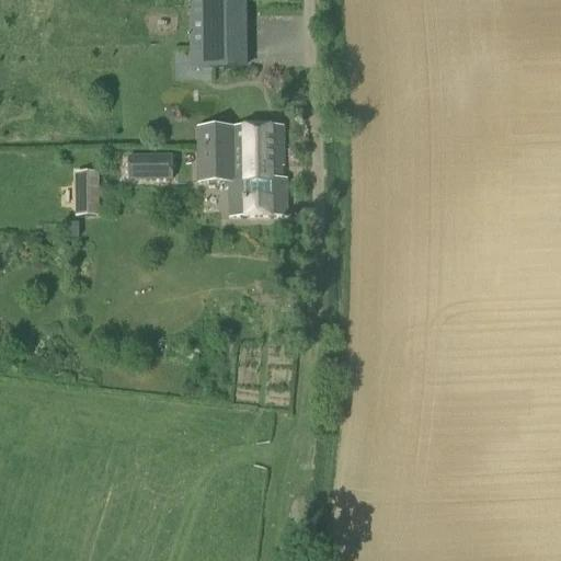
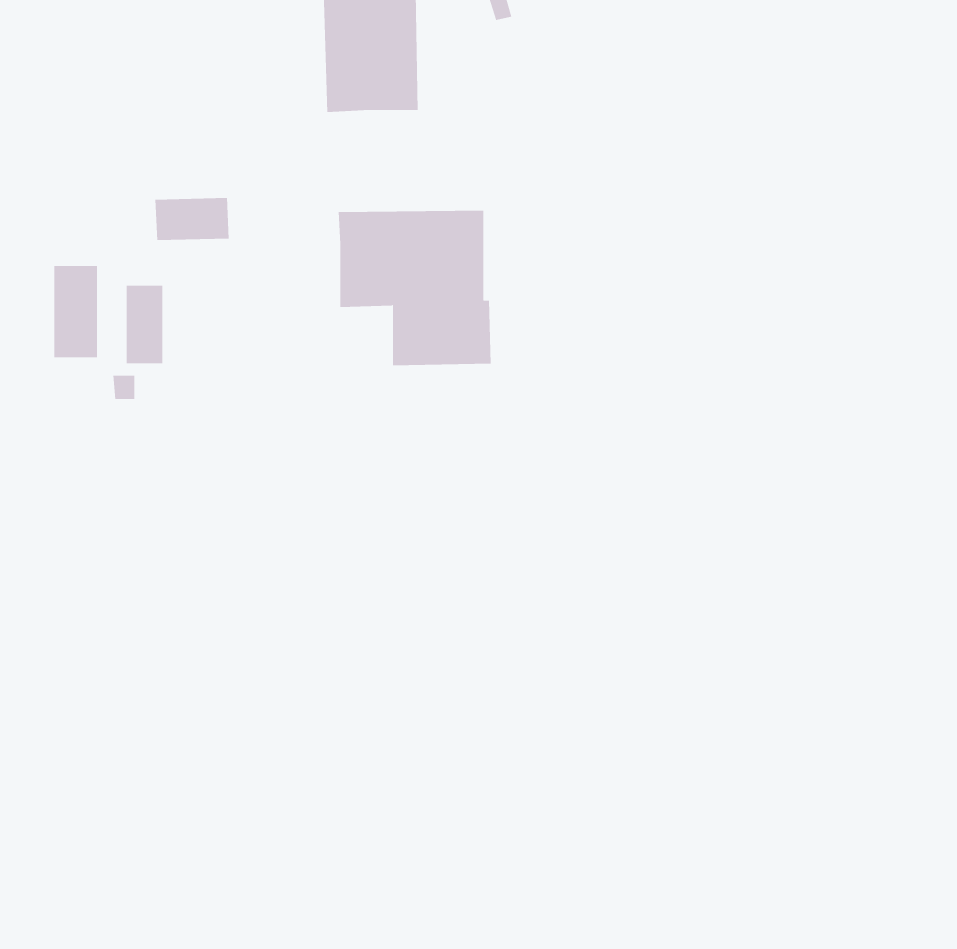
building: [129,151,173,176] -> [155,198,230,241]
building: none -> [54,265,97,358]

